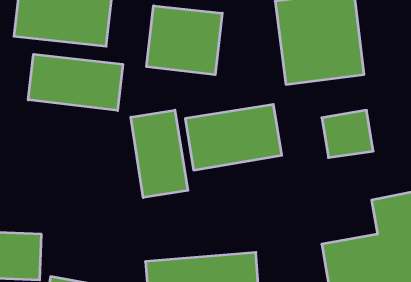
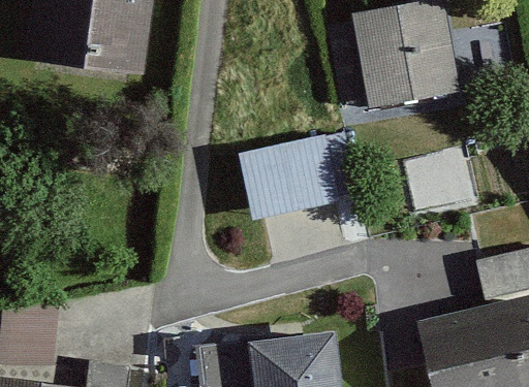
building: [147,6,222,75] -> none
building: [28,54,123,111] -> none
building: [131,110,188,198] -> none

